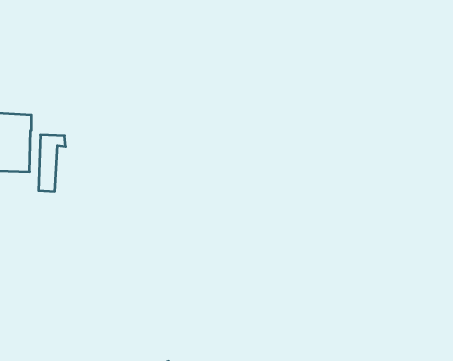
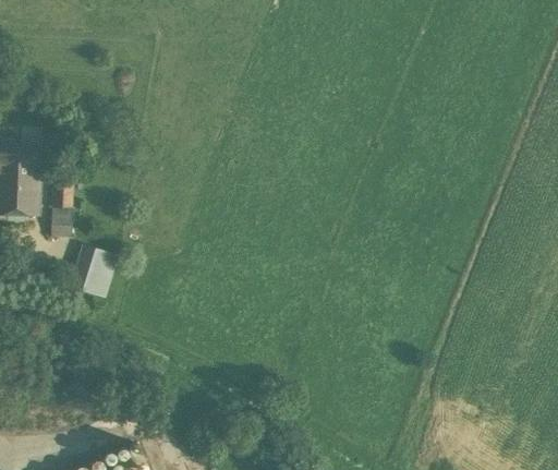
building: none -> [81,249,107,293]

